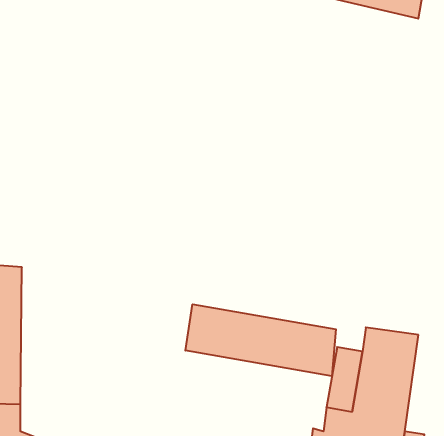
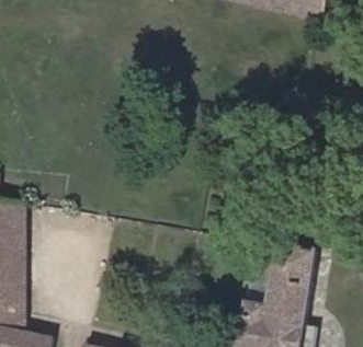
building: [185,304,336,376] -> none

